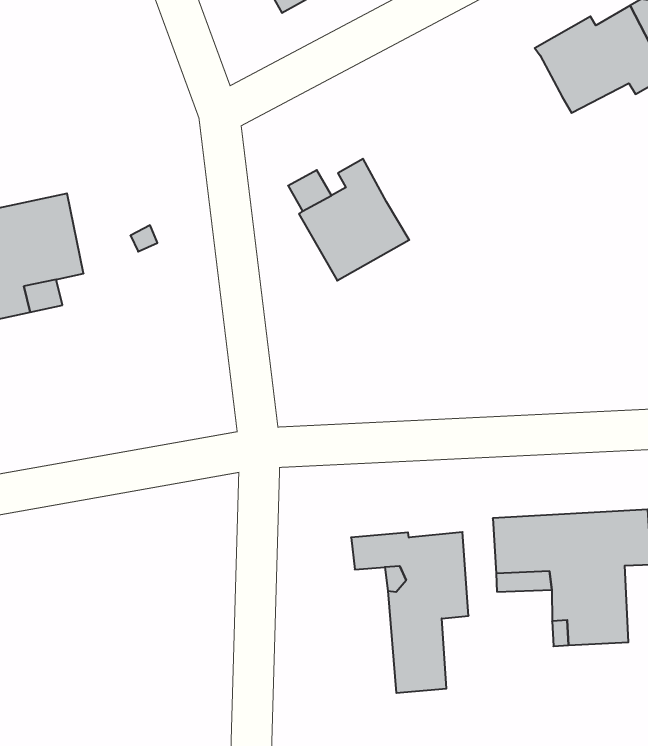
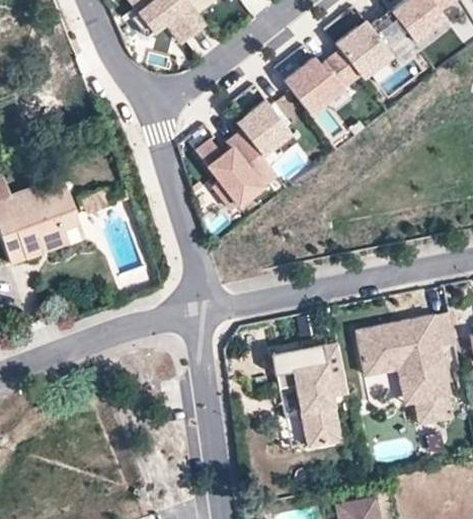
building: none -> [285,47,359,108]
building: none -> [235,94,289,150]

